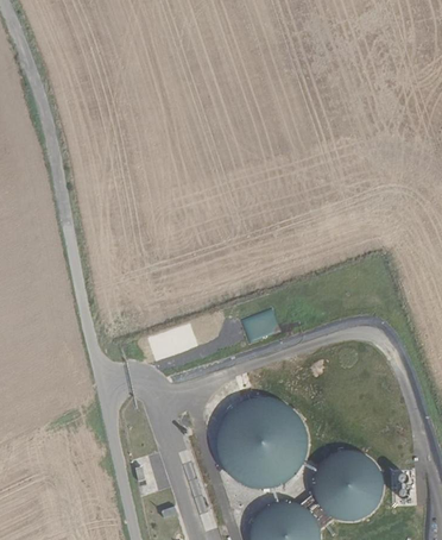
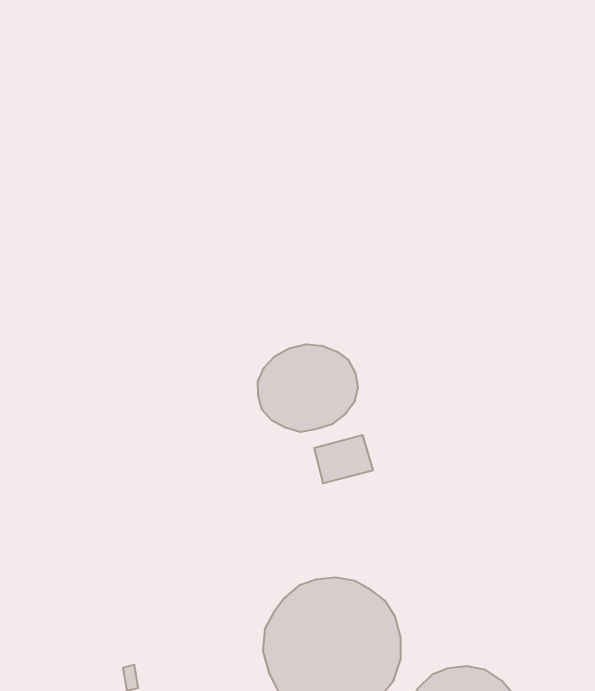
building: none -> [258,344,358,432]

